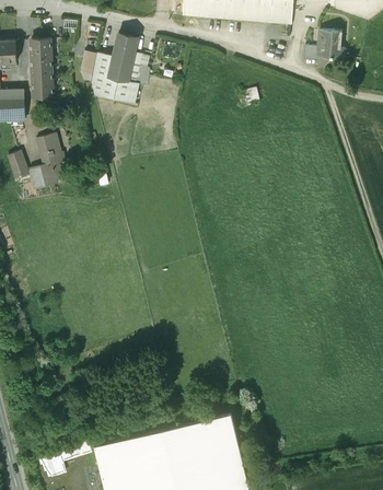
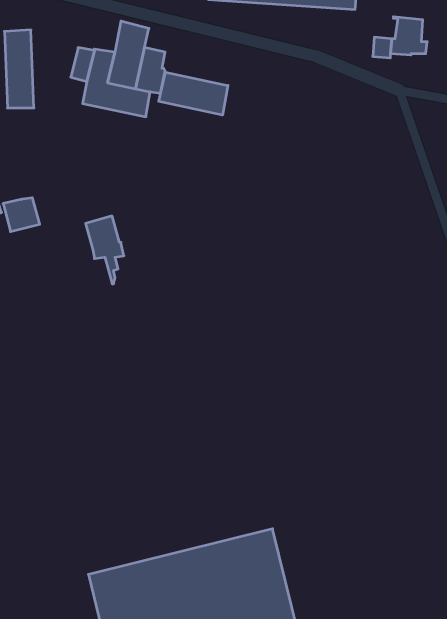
building: none -> [159,72,228,115]
building: [37,132,66,183] -> [86,216,124,284]

